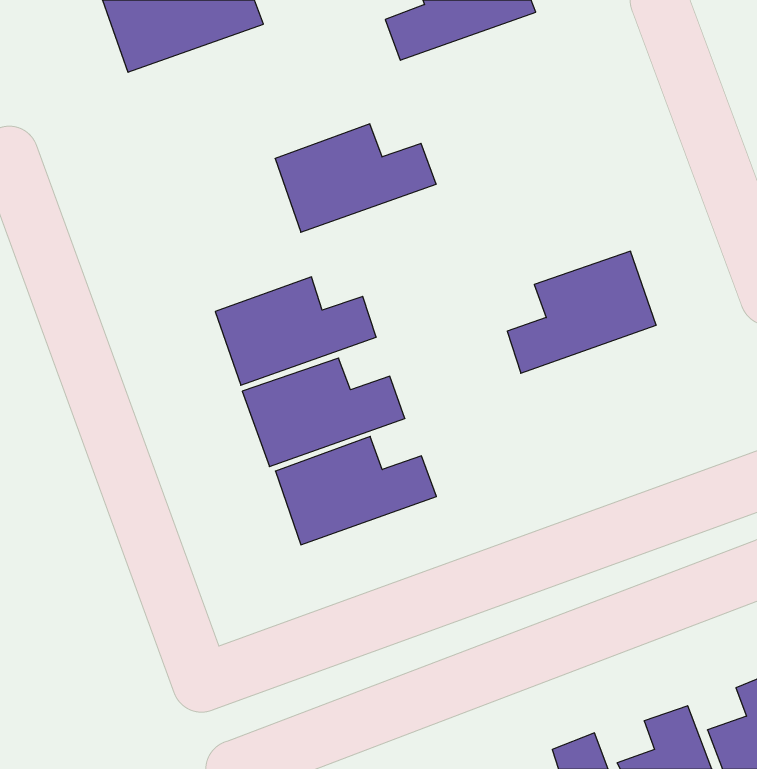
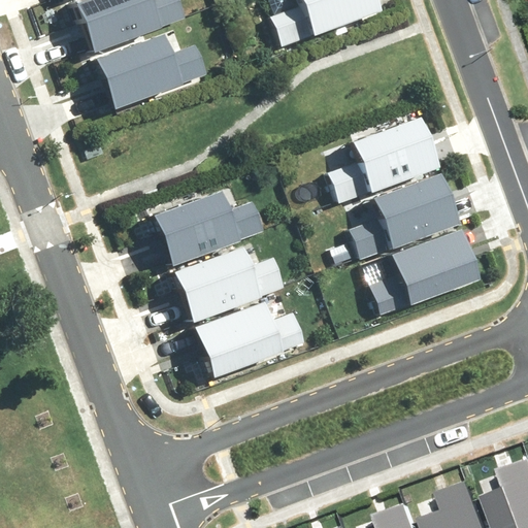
building: [275,124,436,232] -> [98,31,208,105]
building: none -> [331,116,434,200]
building: none -> [377,229,481,312]

